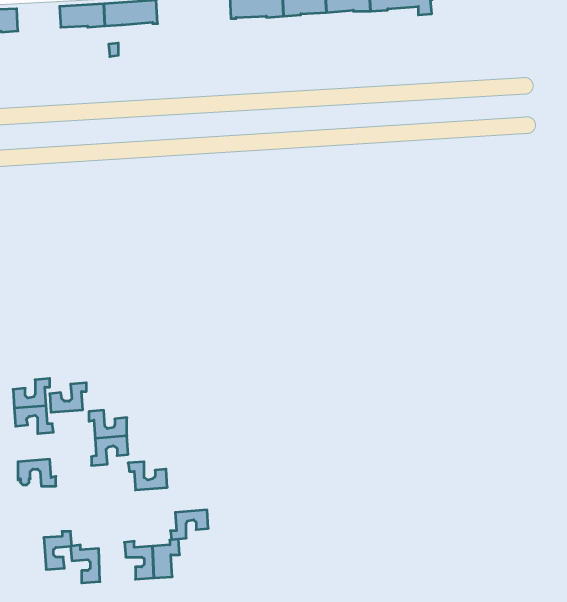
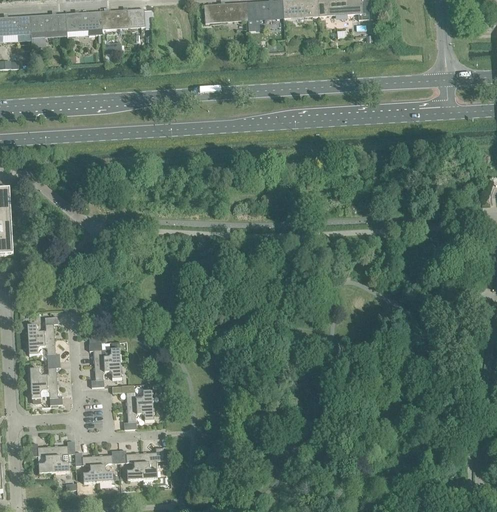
building: none -> [30,13,66,33]
building: [50,383,86,412] -> [30,361,60,385]
building: [170,510,208,539] -> [123,406,154,430]
building: none -> [30,444,54,474]
building: none -> [97,451,119,483]

